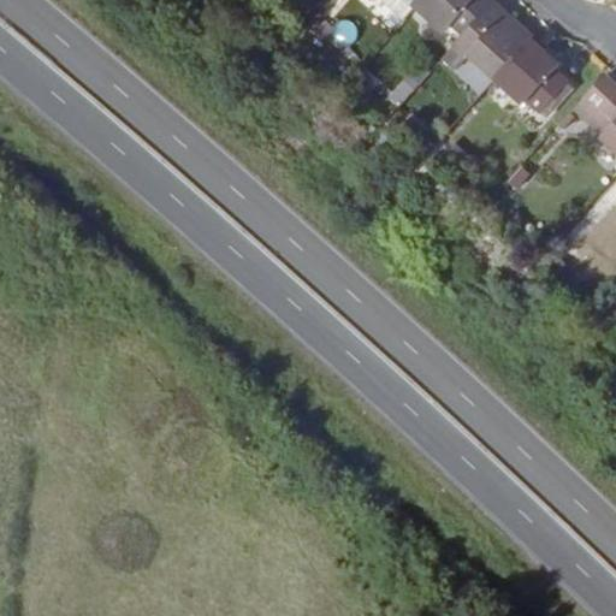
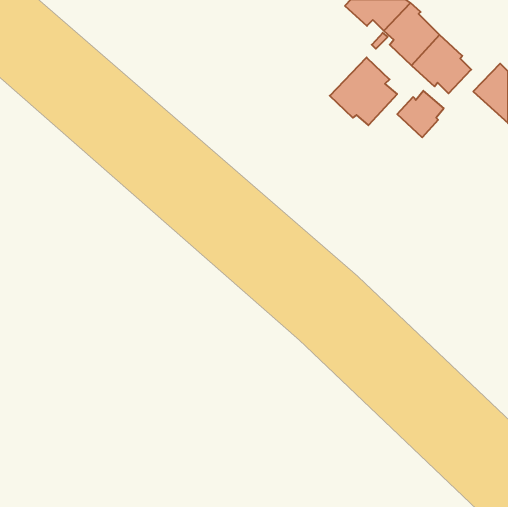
building: none -> [330,57,397,125]
building: none -> [397,91,444,137]

